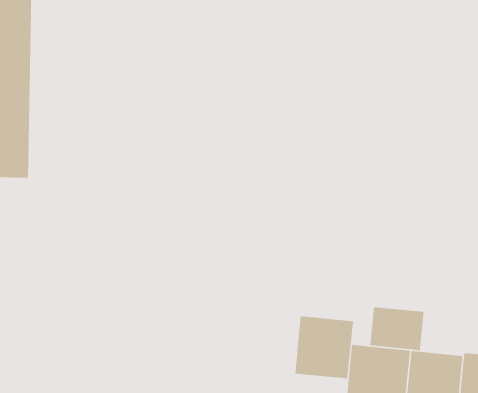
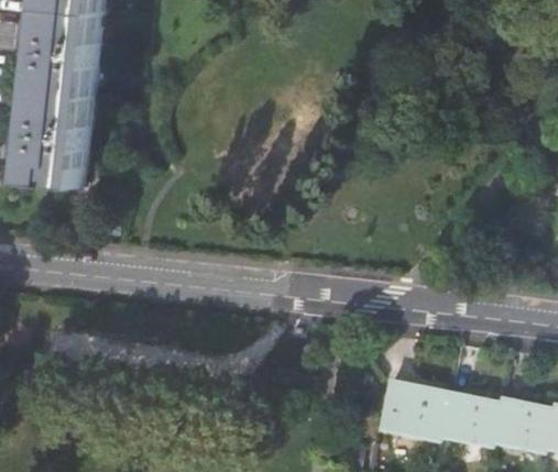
building: [370,306,424,351] -> none
building: [295,316,354,379] -> none

